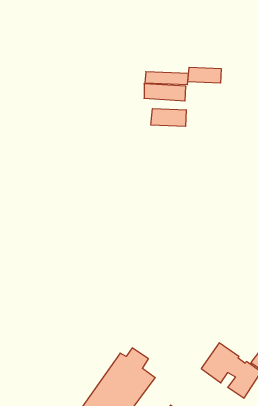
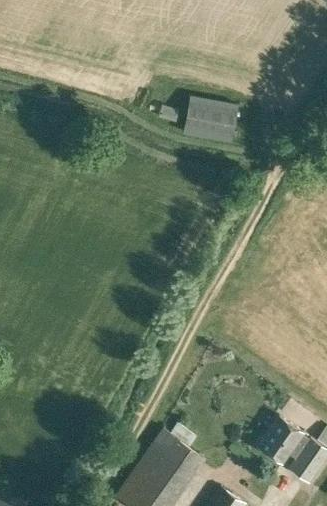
building: [188,67,221,83] -> none
building: [151,109,186,126] -> none

